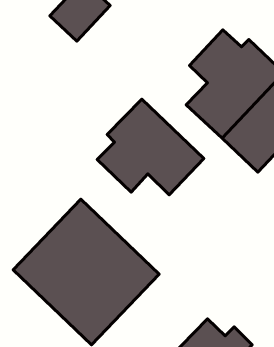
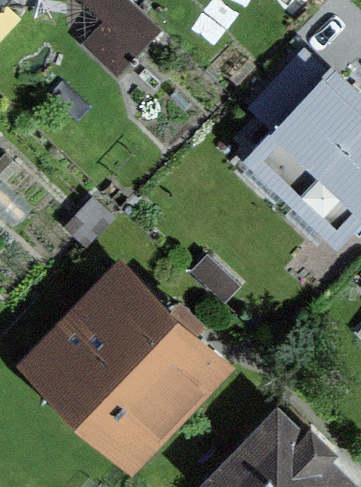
building: [97,99,204,195] -> none

